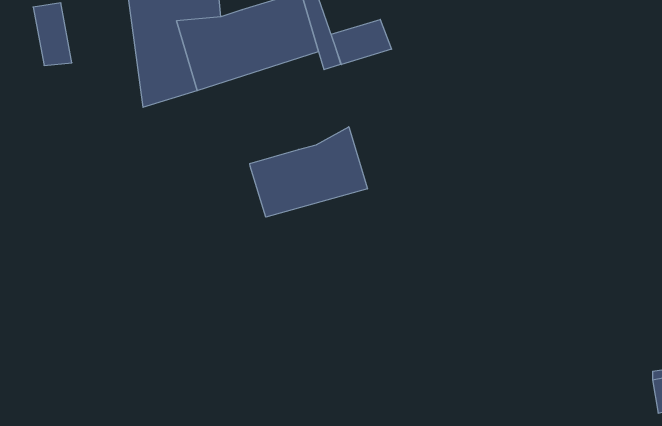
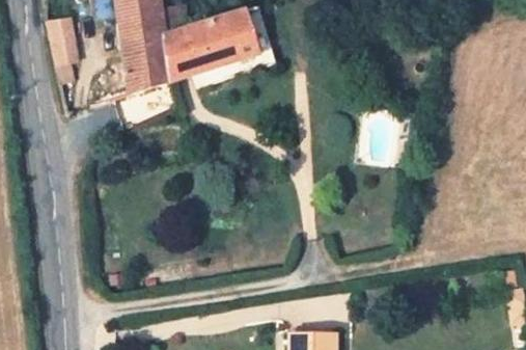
building: [331,19,392,65] -> none
building: [250,127,367,217] -> none

